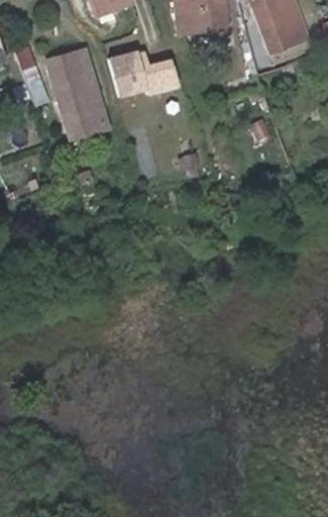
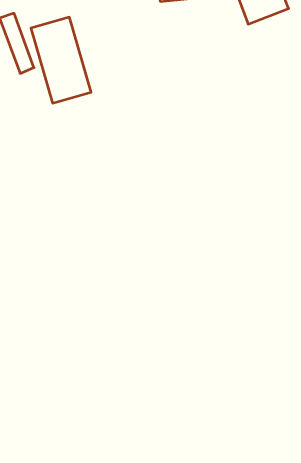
building: [107,48,178,96] -> none

